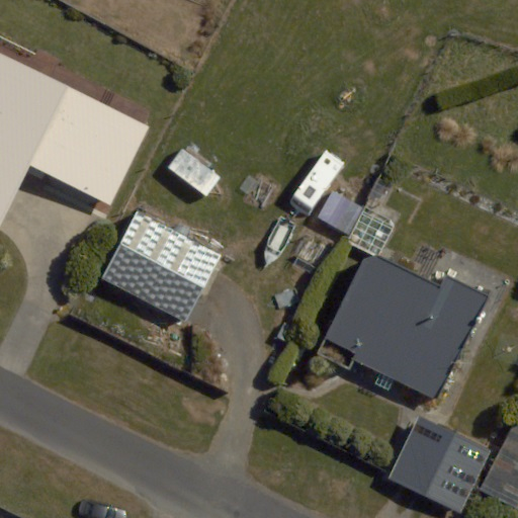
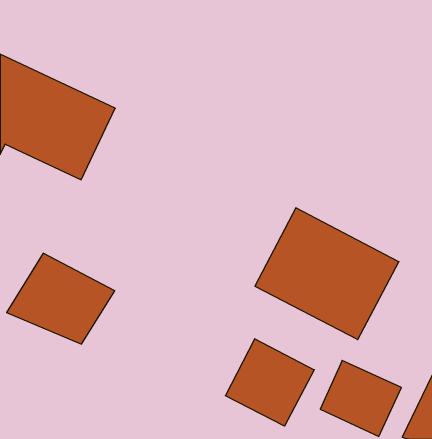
building: [95,217,221,322] -> [7,253,115,344]
building: none -> [225,339,314,426]

